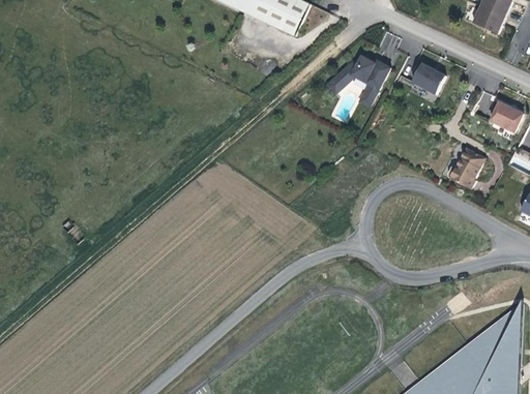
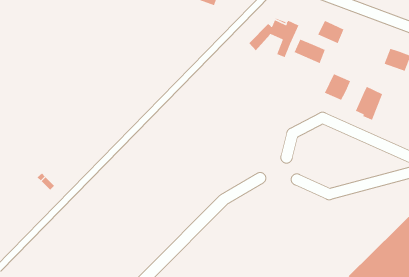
building: none -> [293,39,326,64]
building: none -> [324,73,351,101]

